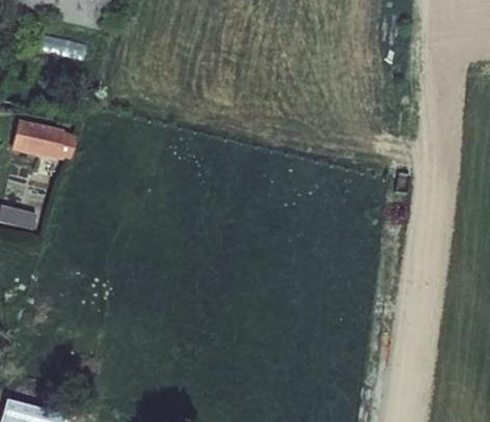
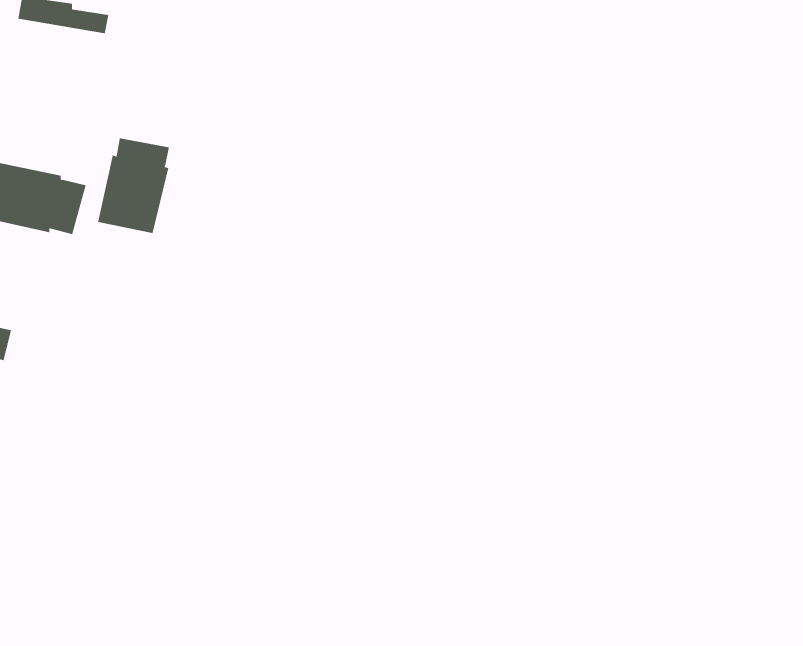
building: none -> [98,138,170,234]

